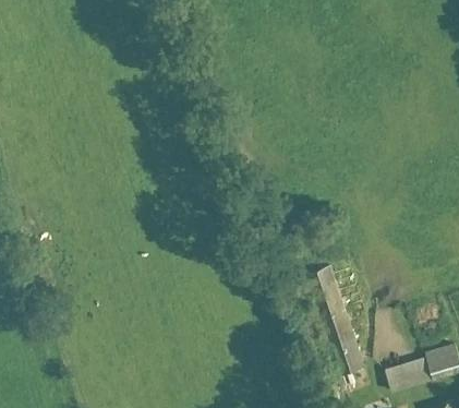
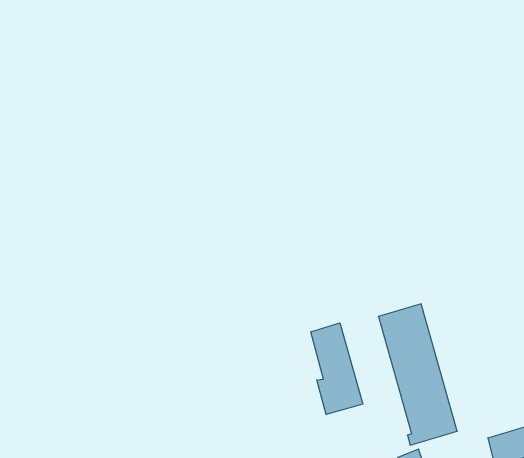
building: none -> [311,323,363,415]

